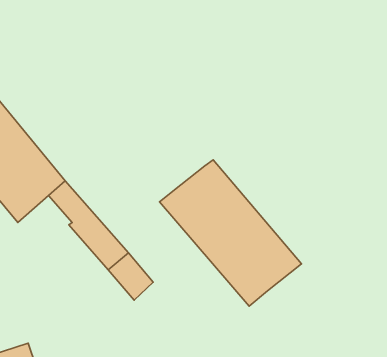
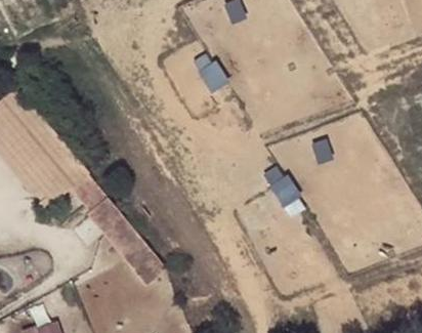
building: [159,160,302,306] -> none

